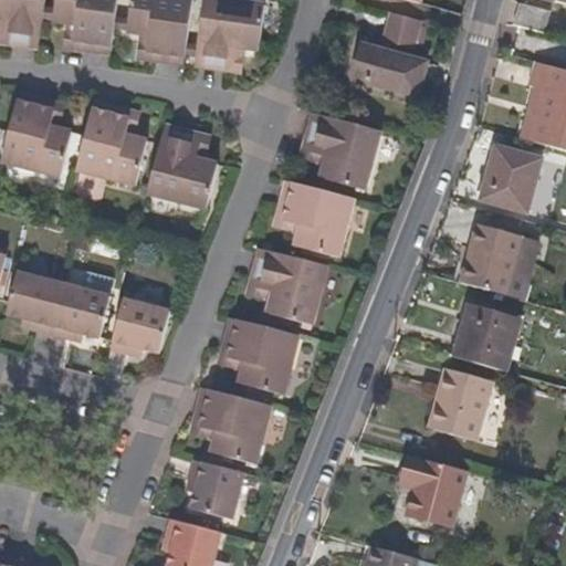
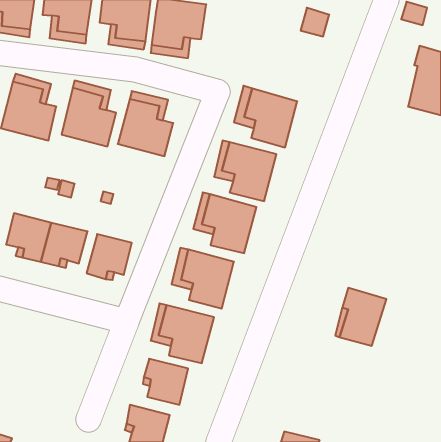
building: [354,45,428,94] -> none
building: [475,149,537,212] -> none
building: [455,223,525,294] -> none
building: [452,304,517,370] -> none
building: [401,455,464,527] -> none

